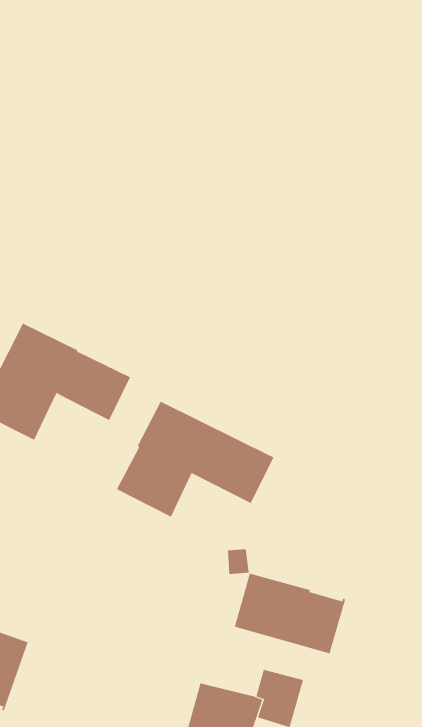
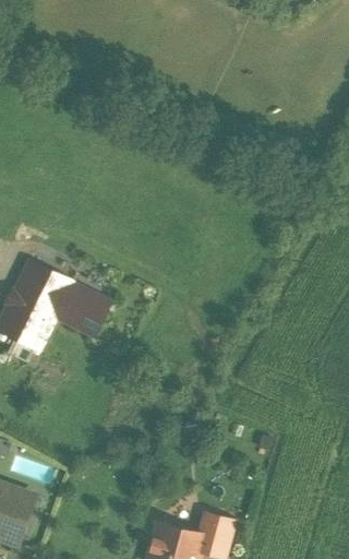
building: [116,401,274,518] -> none
building: [234,573,346,654] -> none

